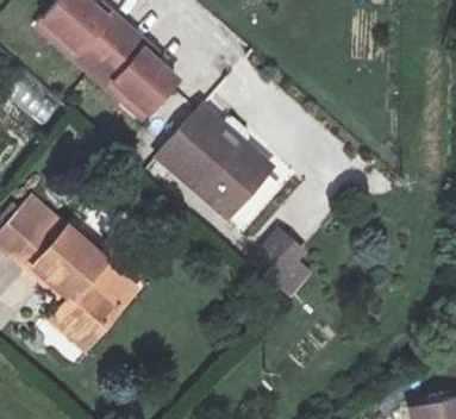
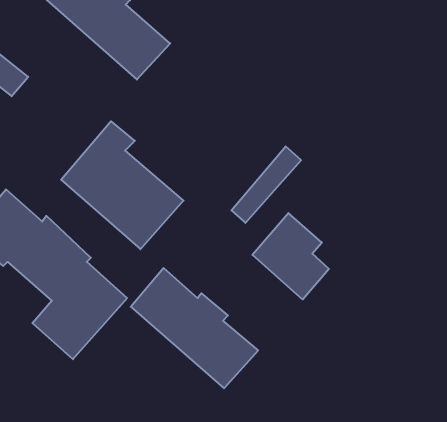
building: [161,105,266,214] -> [61,121,184,249]
building: none -> [131,268,258,388]

